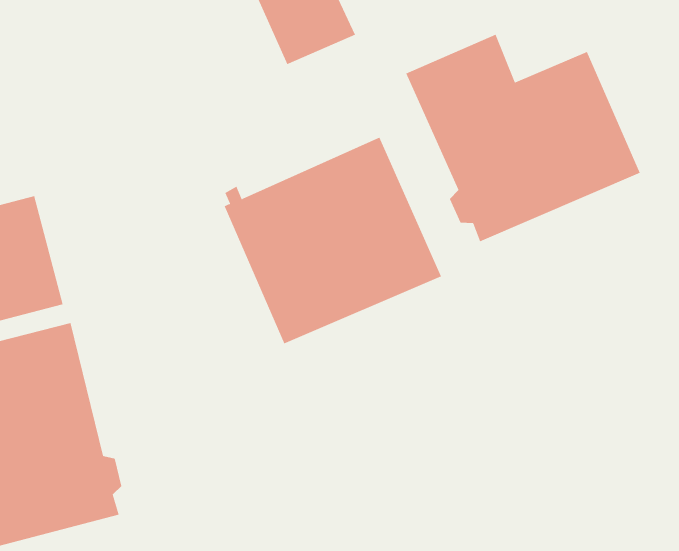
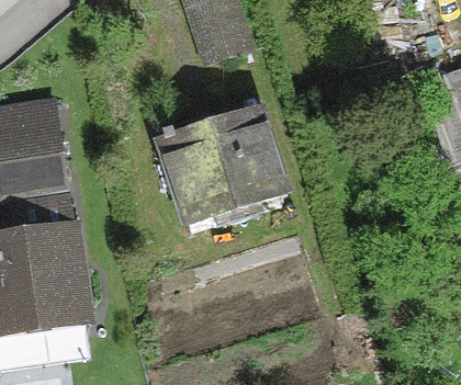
building: [406,34,641,242] -> none

